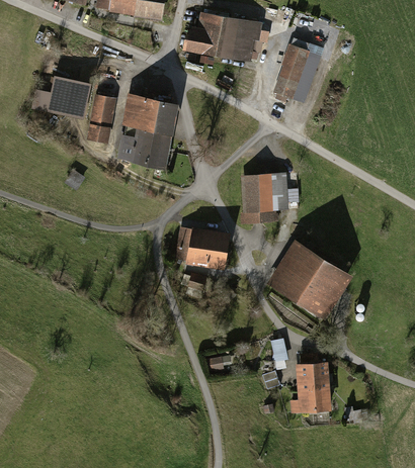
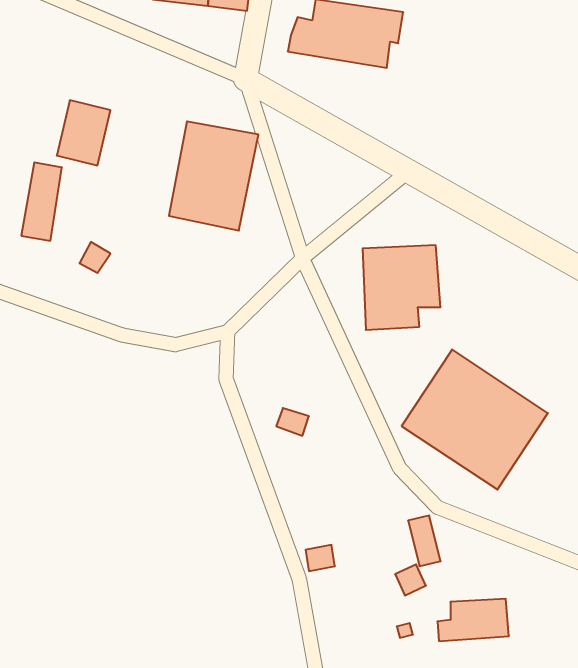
building: [272,45,316,99] -> none
building: [88,93,113,142] -> [21,162,62,241]
building: [175,225,229,271] -> none
building: [294,354,330,392] -> none

